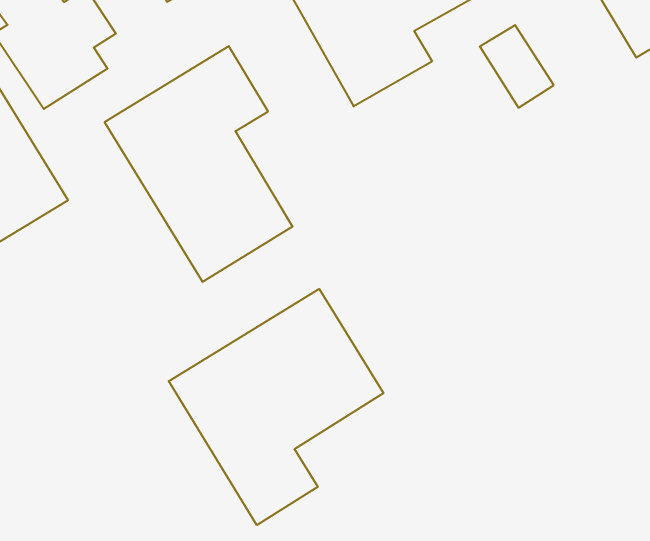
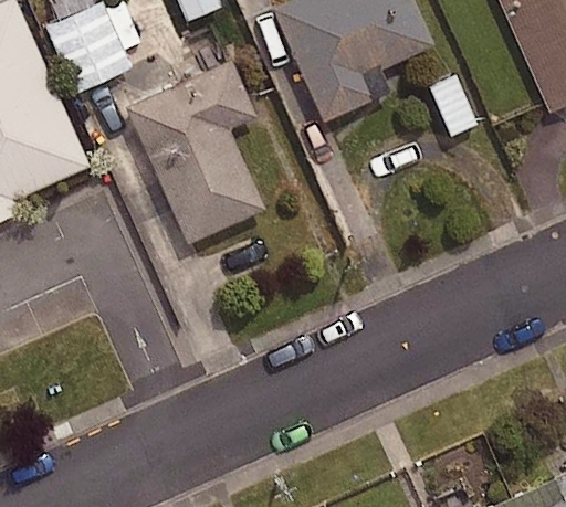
building: [169,289,383,525] -> none

